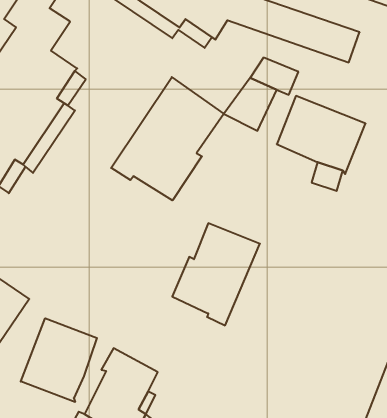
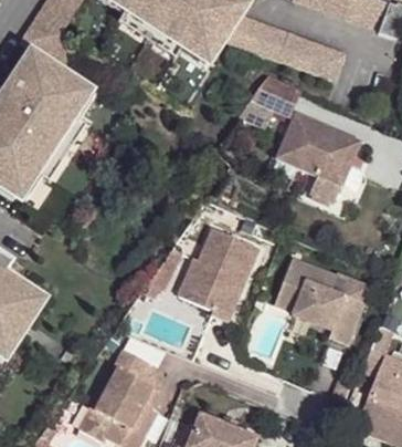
building: [111,77,224,200] -> none
building: none -> [277,259,367,346]
building: [21,318,97,402] -> none

